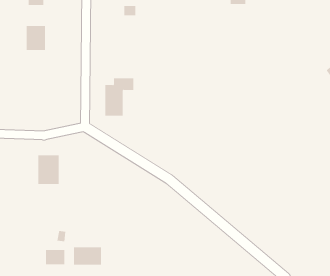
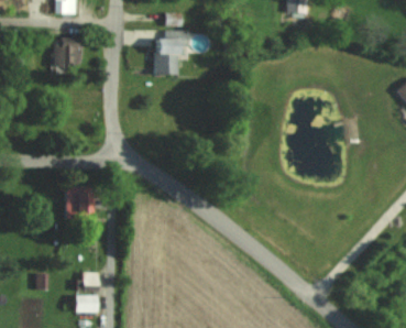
building: [104,78,134,116] -> [155,31,189,75]
building: [74,247,101,266] -> none

